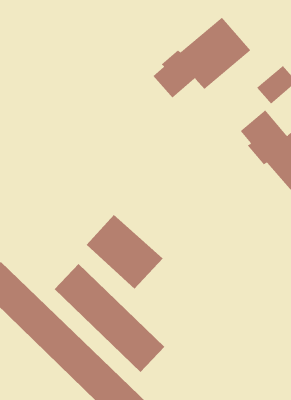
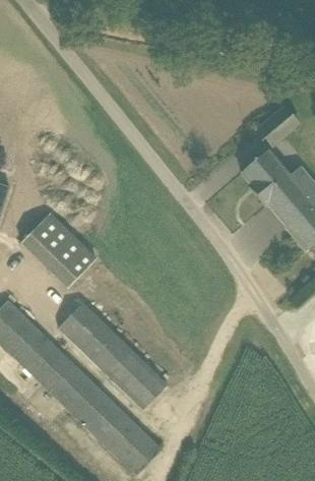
building: [153,17,251,99] -> none
building: [86,214,163,289] -> [23,211,100,285]

